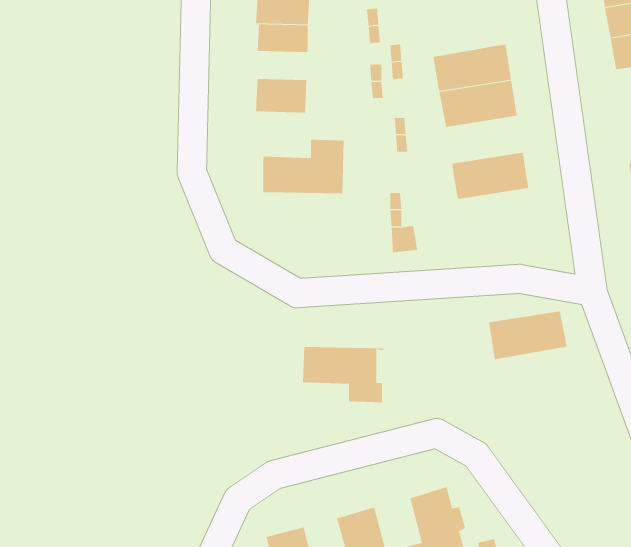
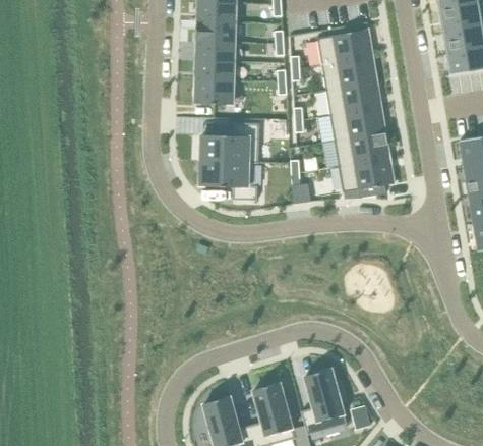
building: none -> [317,29,373,64]
building: none -> [197,60,234,80]
building: none -> [330,106,385,140]
building: [488,311,568,360] -> [339,157,395,191]
building: [302,347,384,403] -> [200,160,258,200]

